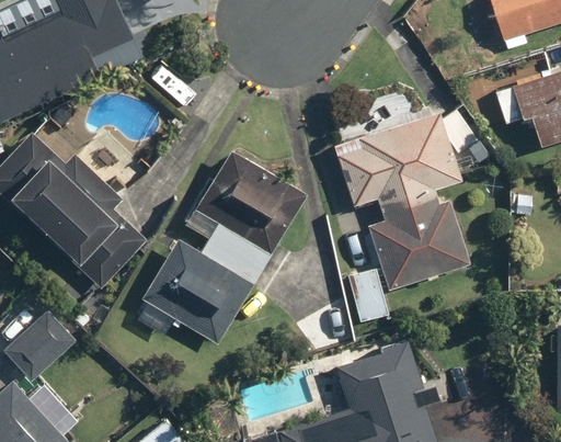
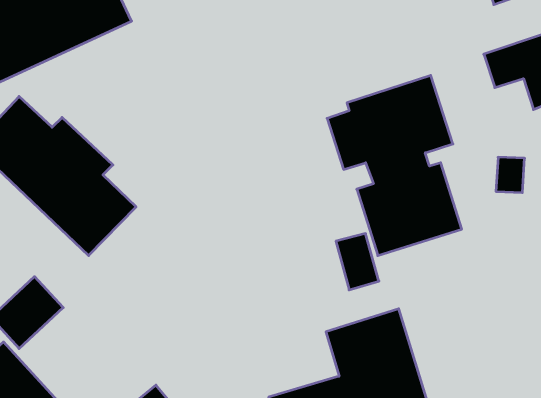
building: [141,146,310,345] -> none

